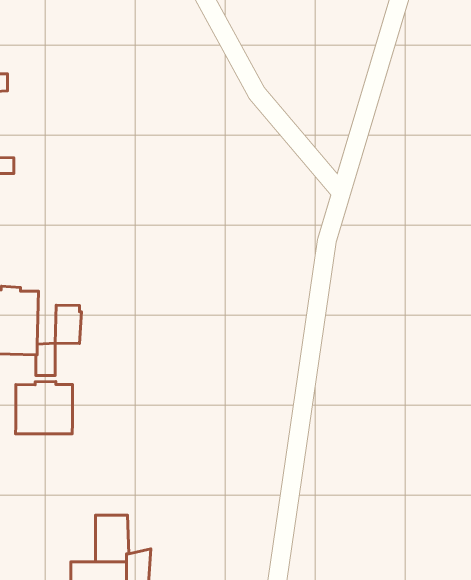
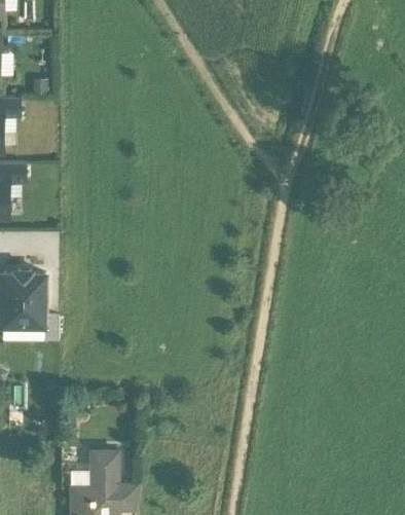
building: [55,305,81,344] -> none
building: [15,381,73,434] -> none

